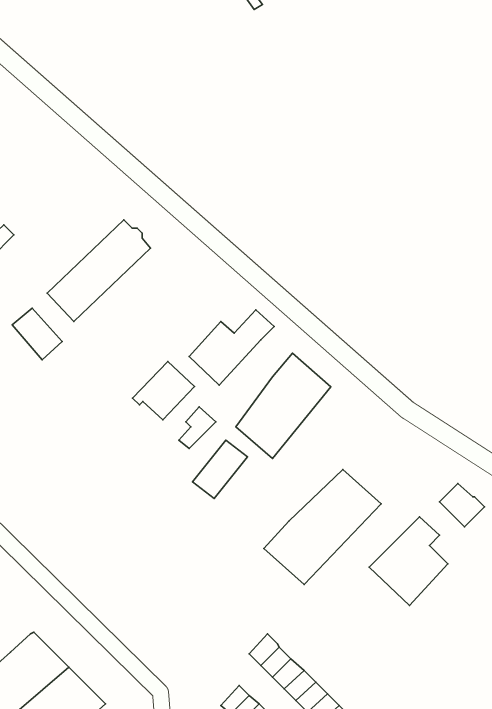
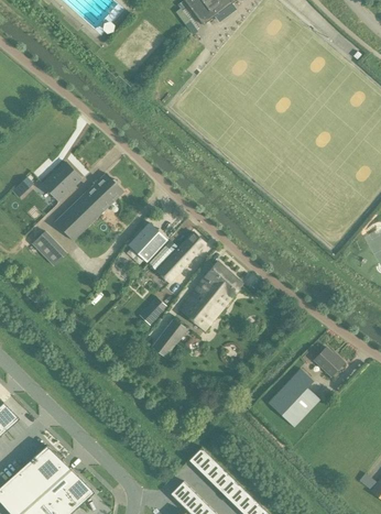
building: none -> [42,162,80,199]
building: [133,361,194,420] -> [127,222,167,261]
building: [264,470,381,584] -> none

